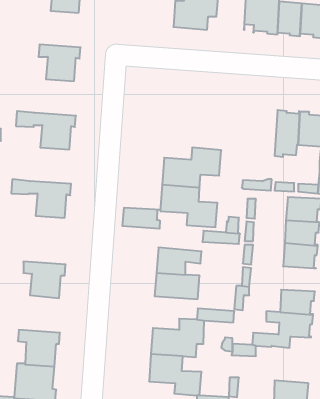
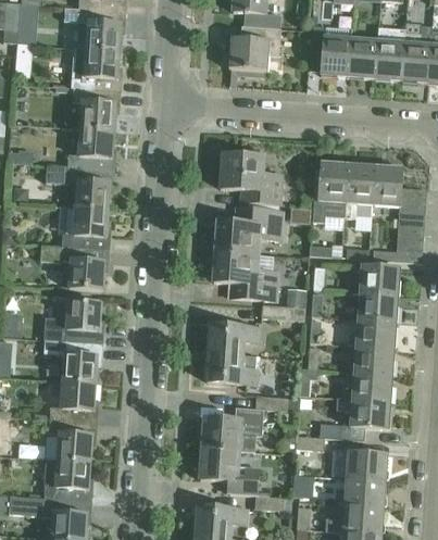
building: none -> [73,49,122,91]
building: none -> [67,128,116,171]
building: none -> [220,153,281,204]
building: none -> [312,162,349,229]
building: none -> [62,208,110,250]
building: [122,208,160,229] -> none
building: none -> [45,300,103,343]
building: none -> [353,346,393,375]
building: none -> [49,379,98,423]
building: none -> [346,450,387,481]

